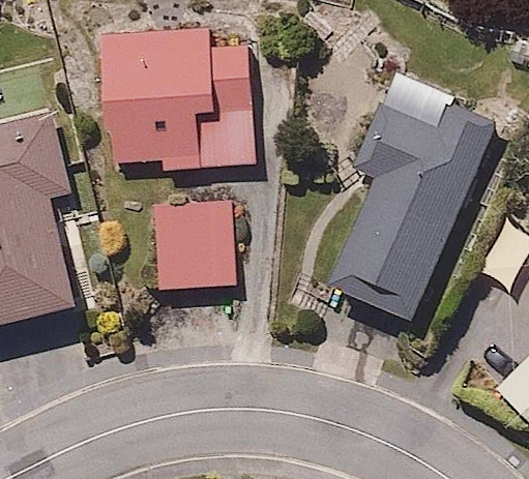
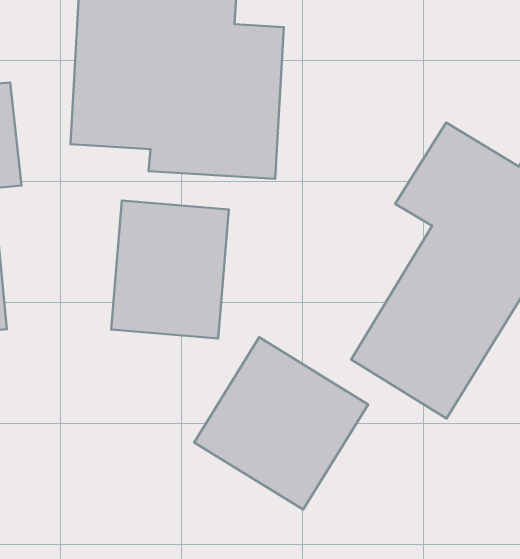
building: none -> [194,337,368,510]

